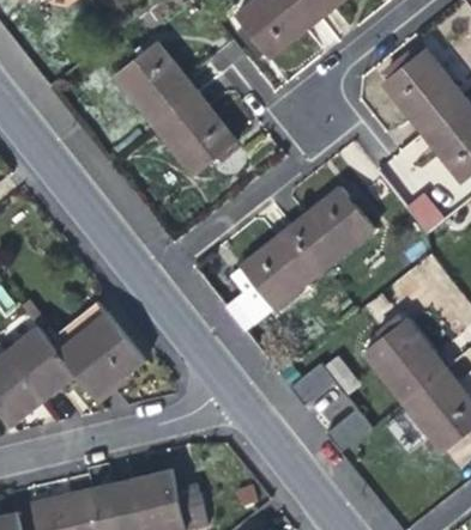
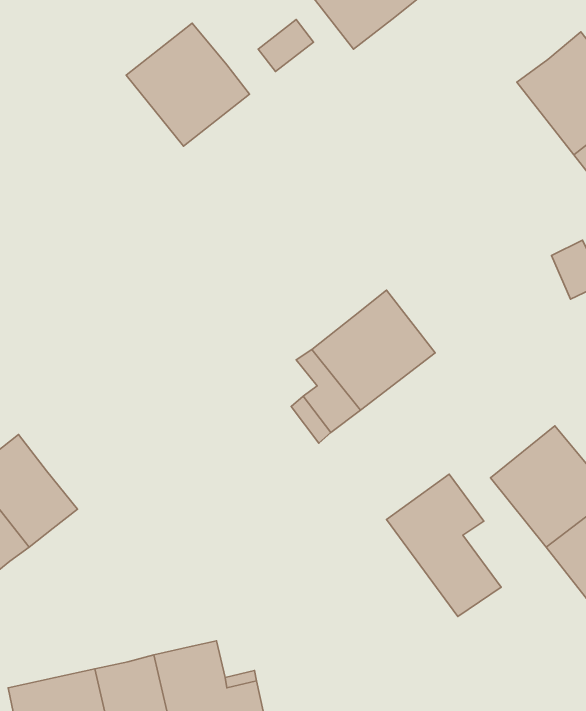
building: [151,90,237,177] -> none
building: [291,185,374,268] -> none
building: [56,310,149,401] -> none

